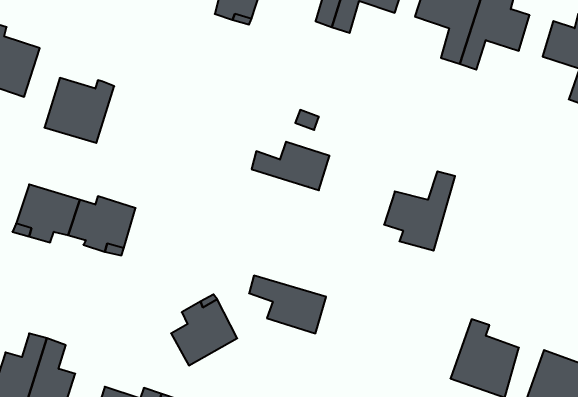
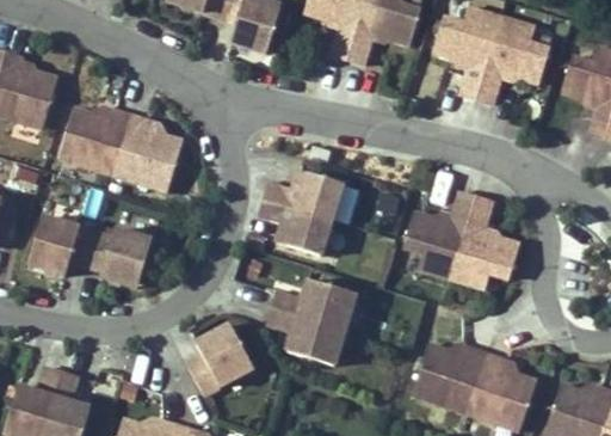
building: none -> [111,115,181,190]
building: none -> [261,198,335,257]
building: none -> [451,205,517,291]
building: none -> [270,277,353,327]
building: none -> [416,343,489,410]

